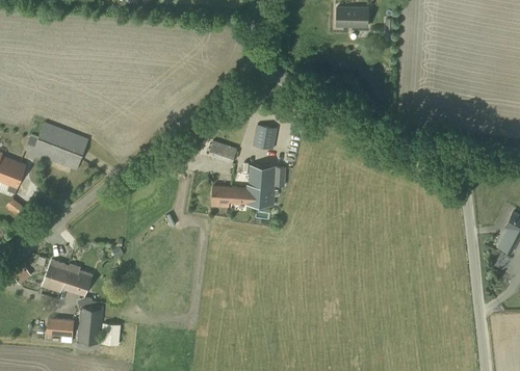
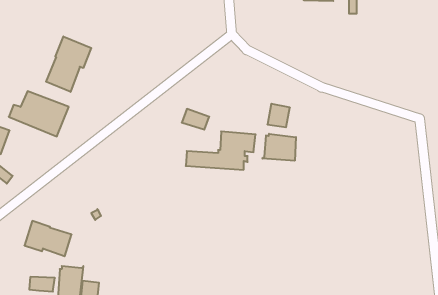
building: none -> [46,36,91,92]
building: [253,125,277,150] -> [267,104,290,127]
building: none -> [262,134,296,161]

